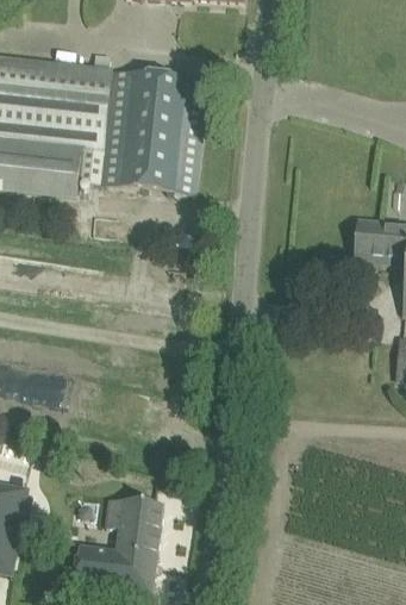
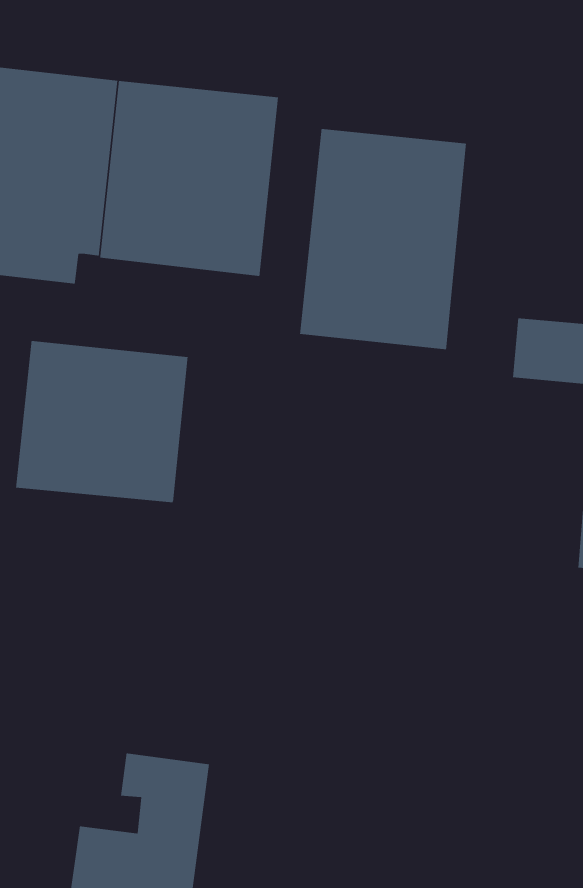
building: none -> [300,128,466,350]
building: none -> [16,340,188,503]

